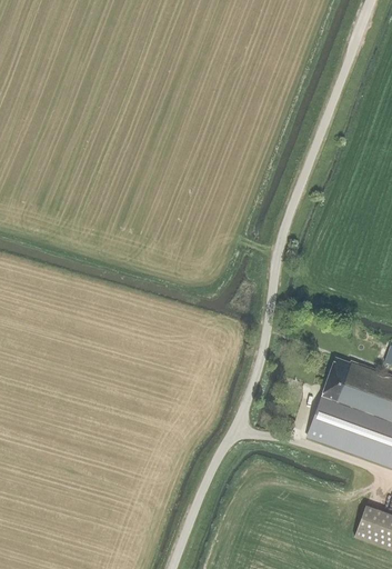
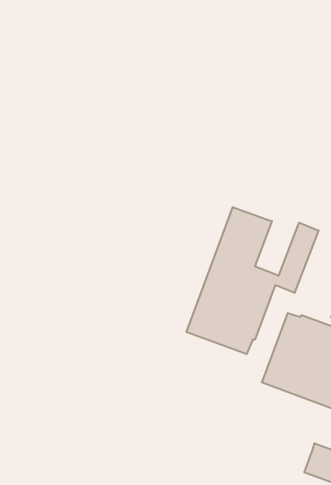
building: none -> [186,207,319,354]

